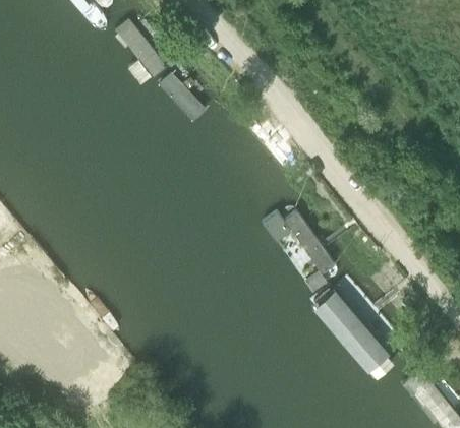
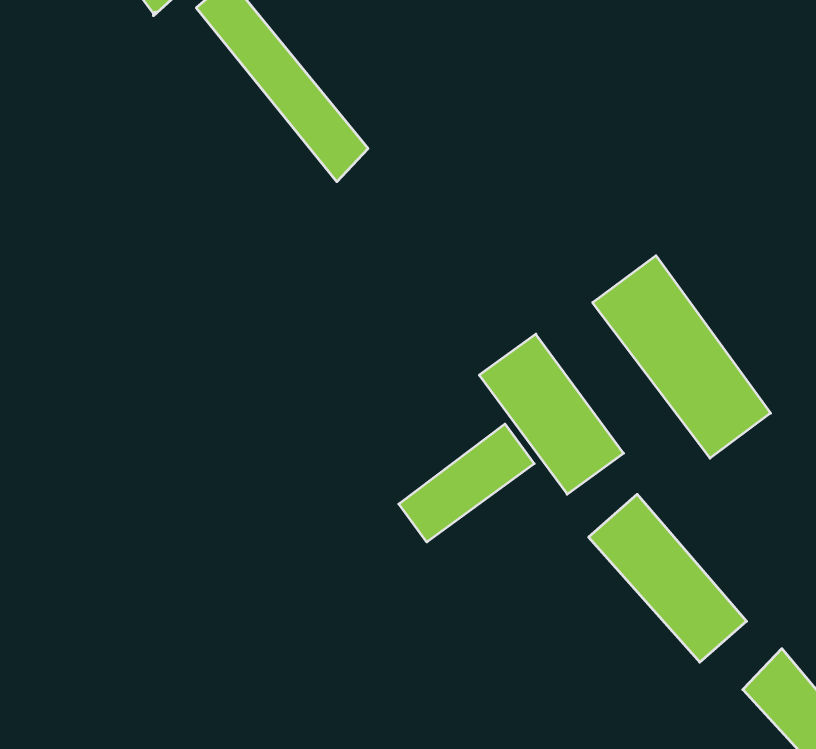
building: none -> [593,256,771,458]
building: none -> [399,424,534,542]

